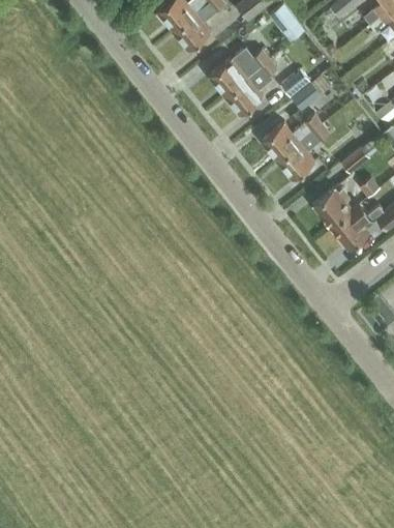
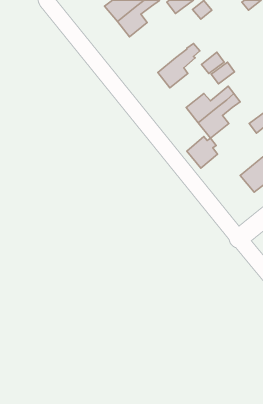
building: [209,47,270,96] -> none
building: [312,187,352,228] -> [187,136,218,168]

